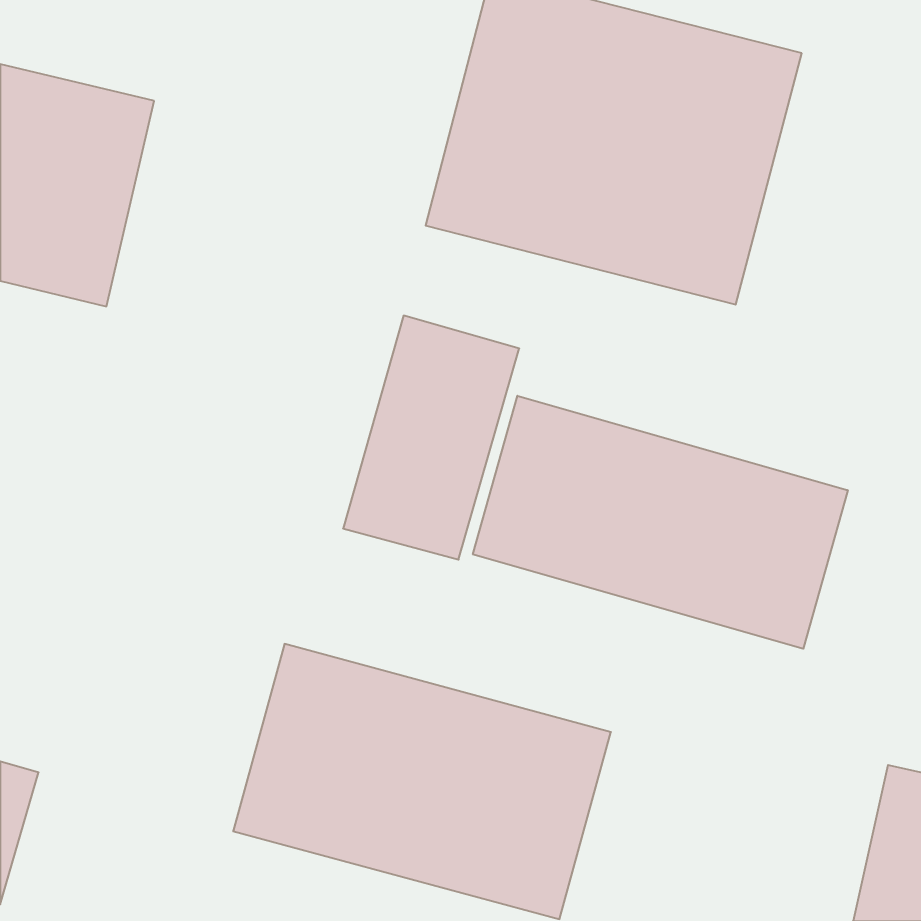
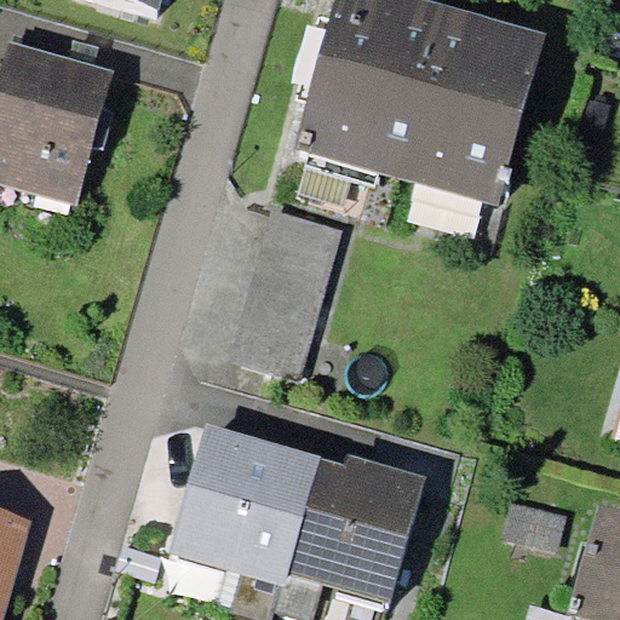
building: [473,396,848,649] -> none

